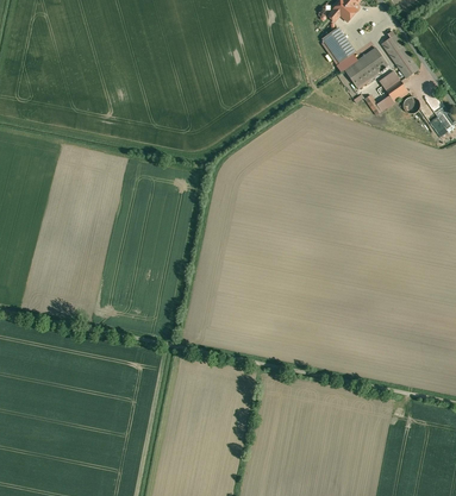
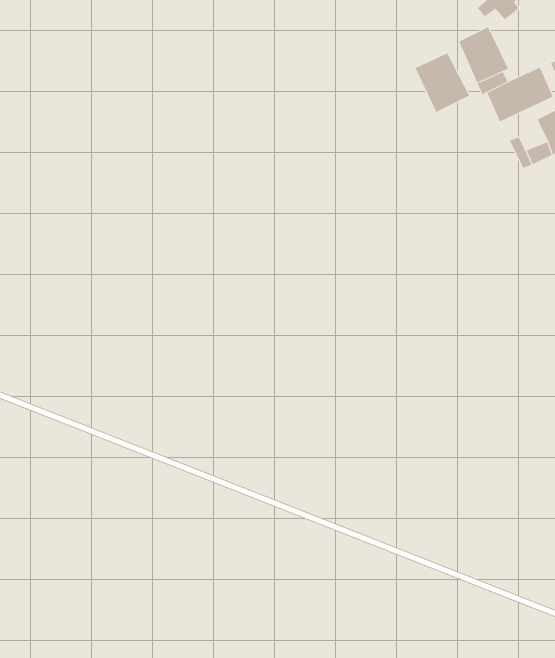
building: none -> [415,53,470,113]

